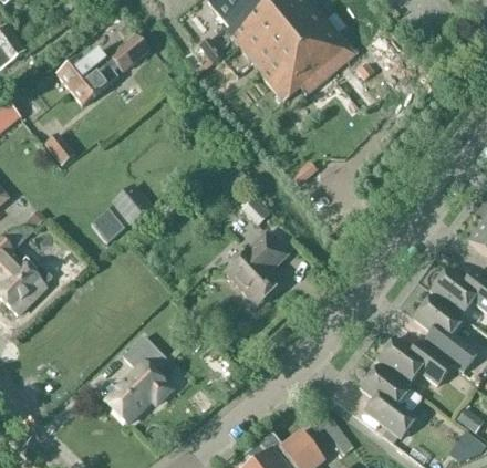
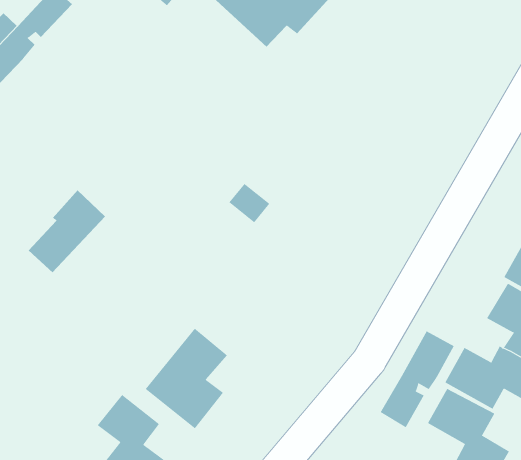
building: [225,231,288,304] -> [145,328,228,429]
building: none -> [380,330,454,428]

